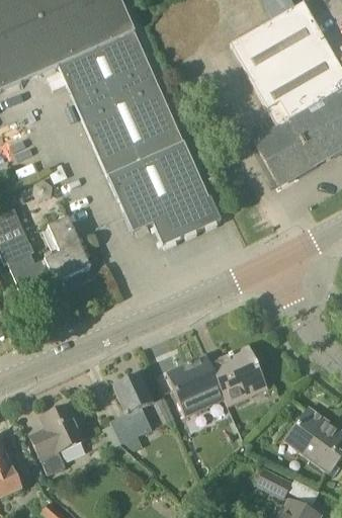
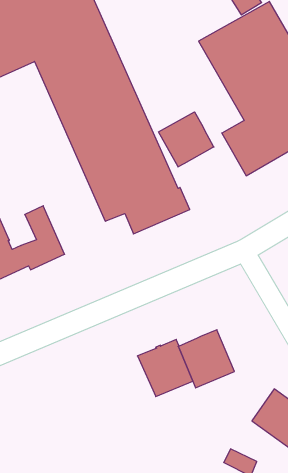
building: none -> [159,112,214,167]
building: [109,372,153,449] -> none
building: [30,405,83,474] -> none

